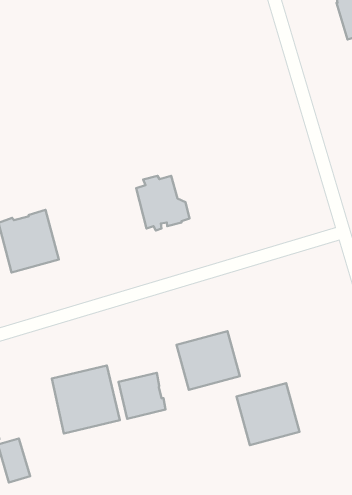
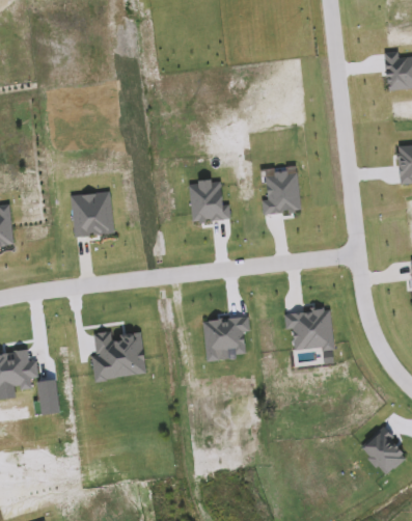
building: none -> [260,164,301,215]
building: [119,373,165,419] -> none
building: [236,383,299,445] -> [284,311,332,358]

